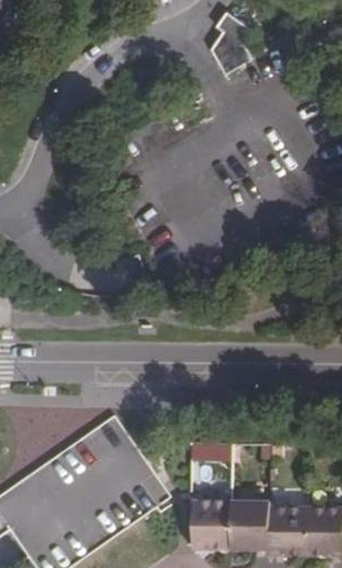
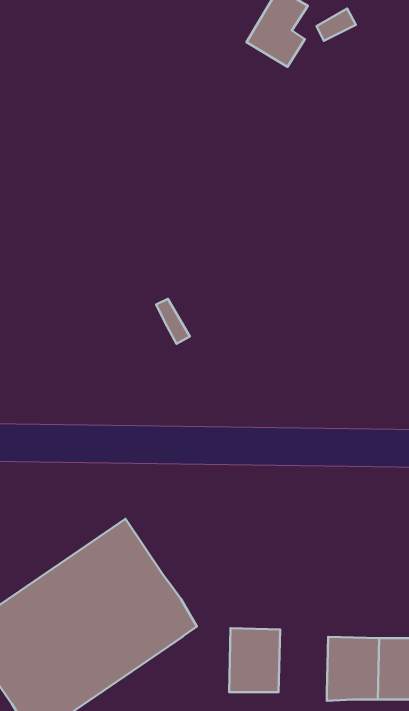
building: [231,500,269,548] -> none

